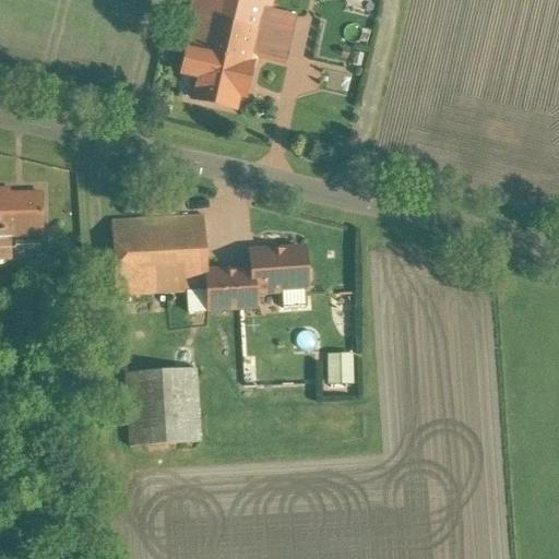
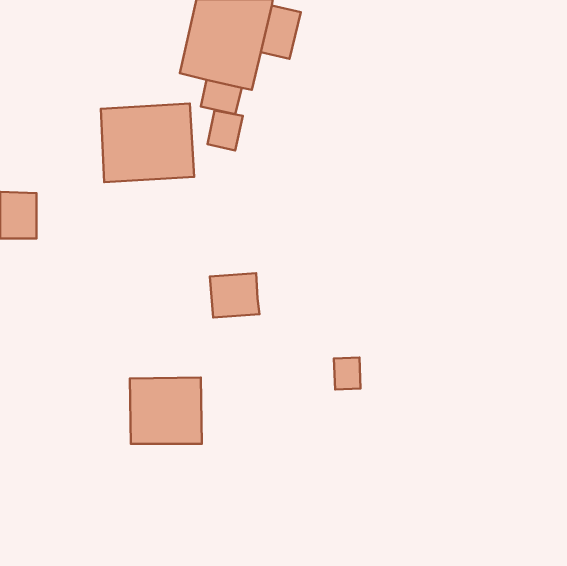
building: none -> [207,110,243,151]
building: [112,215,204,293] -> [101,103,194,182]
building: [251,241,312,294] -> none

